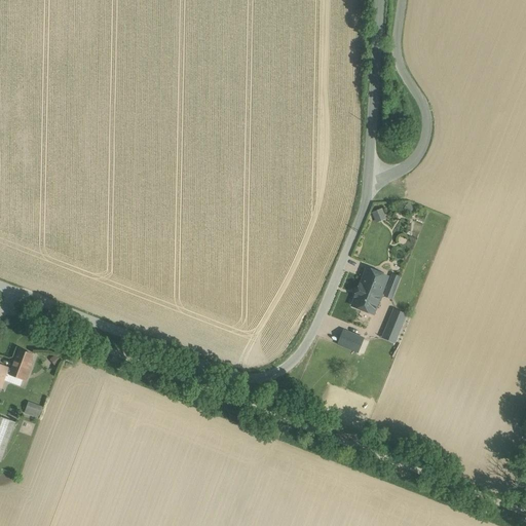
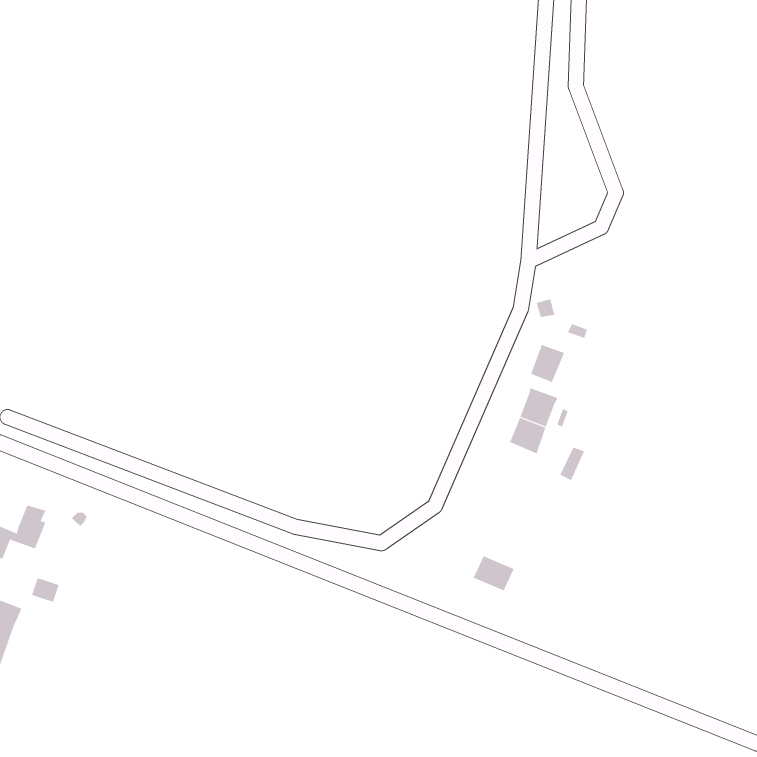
building: none -> [531,344,565,383]
building: [334,327,363,351] -> [473,556,514,591]

